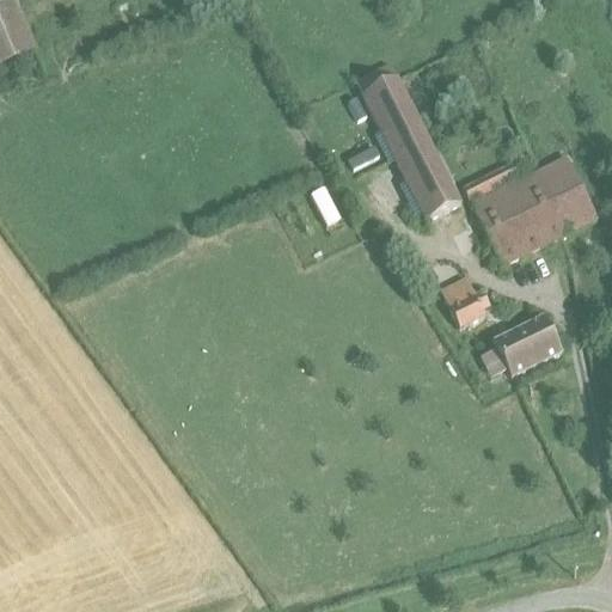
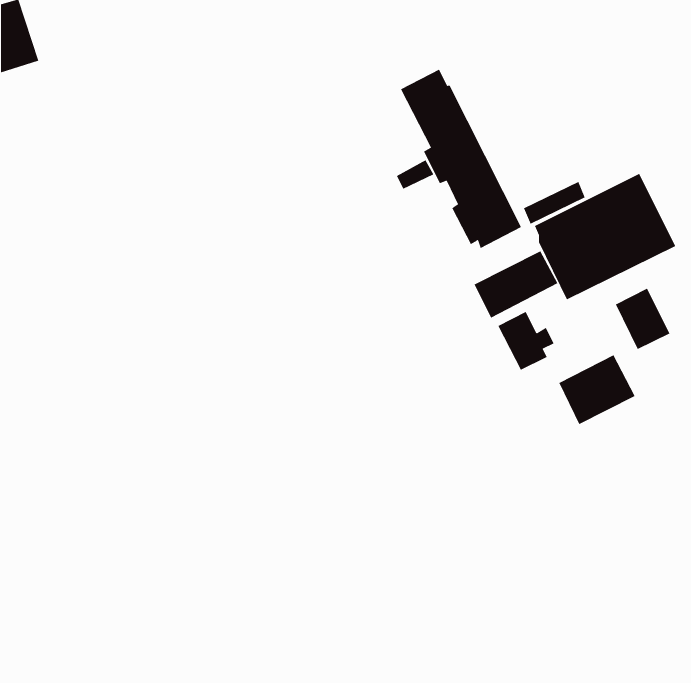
building: none -> [474,250,558,318]
building: none -> [615,288,670,350]

